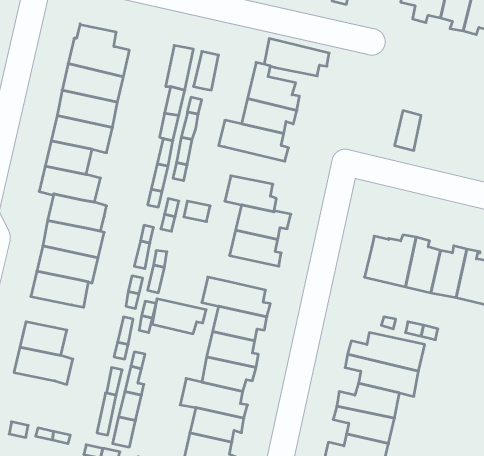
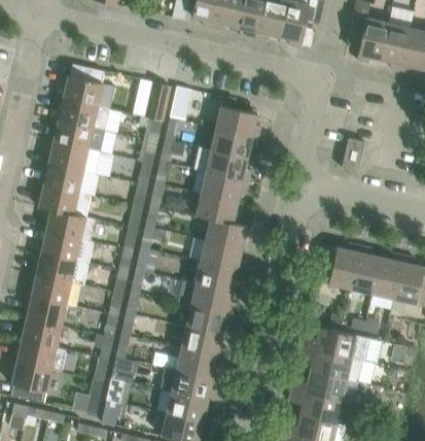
building: [264,39,329,76] -> [191,169,247,201]
building: none -> [26,297,65,326]
building: [152,299,206,334] -> [196,262,242,292]
building: none -> [10,362,50,404]

